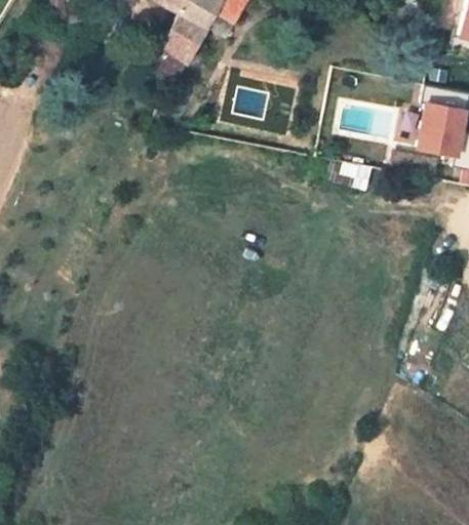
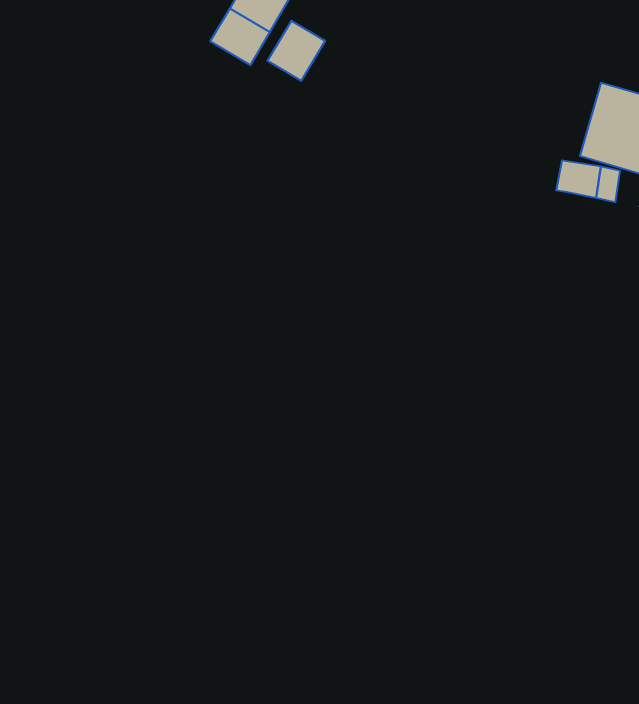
building: none -> [268,21,325,81]

